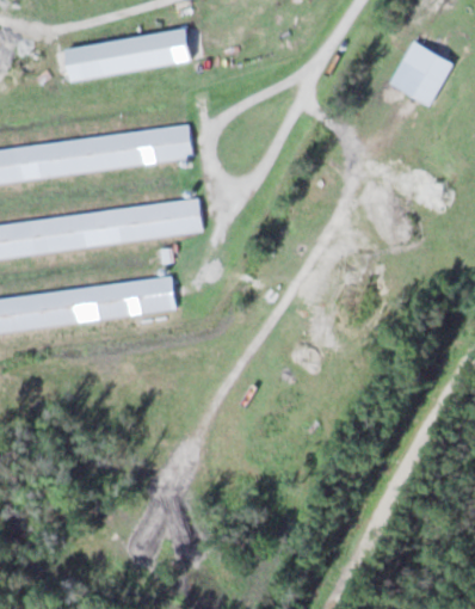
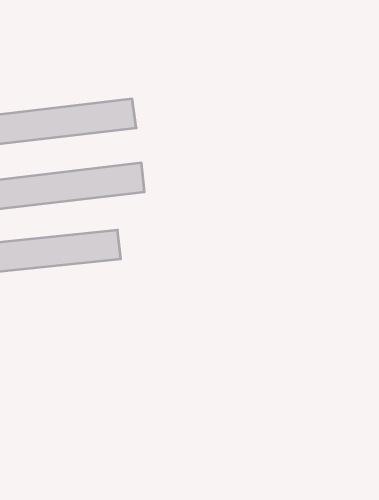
building: [64,30,191,81] -> none
building: [389,41,452,105] -> none

